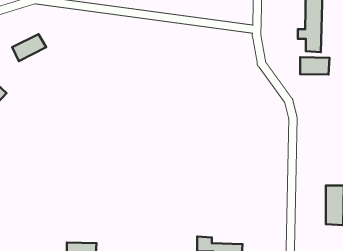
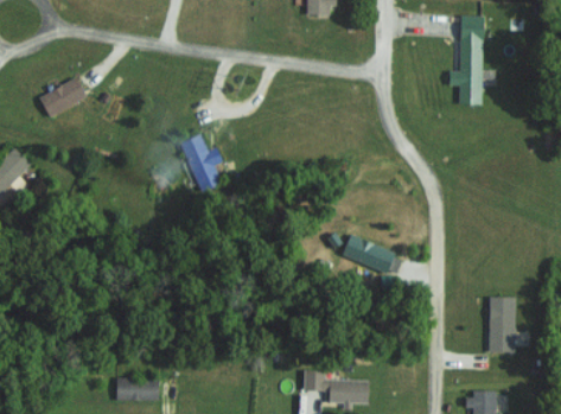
building: [300,57,329,74] -> none
building: none -> [179,134,222,192]
building: none -> [340,236,402,276]

